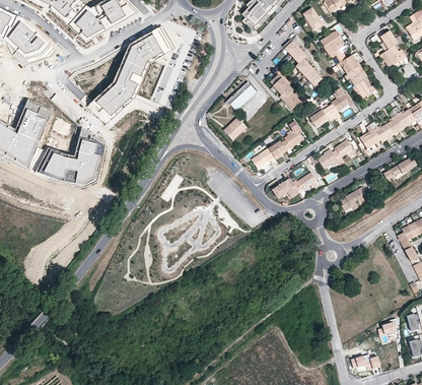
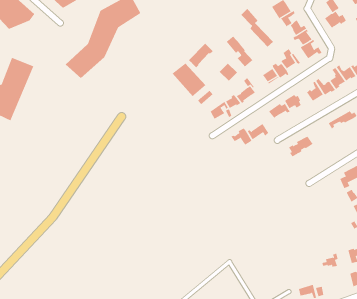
building: [36,126,106,185] -> none

